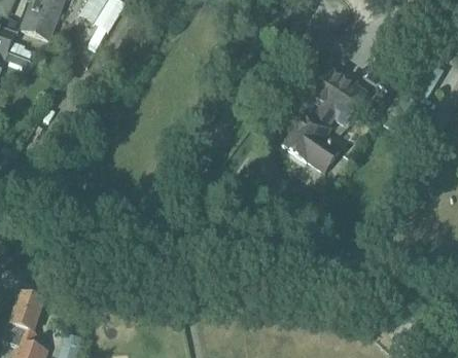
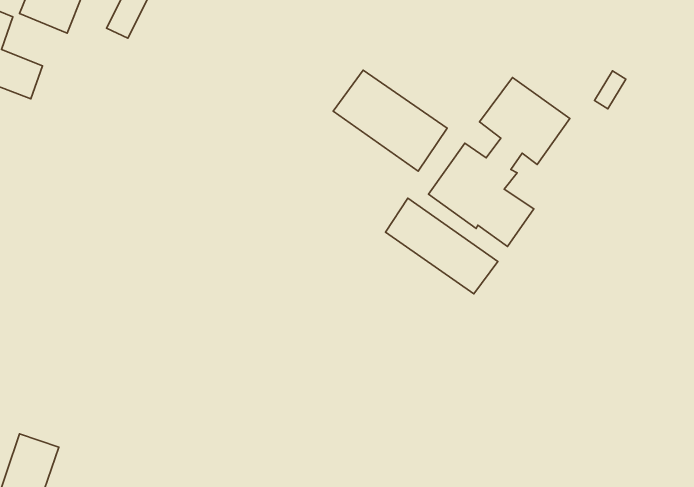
building: none -> [333,70,447,171]
building: none -> [385,198,498,294]

